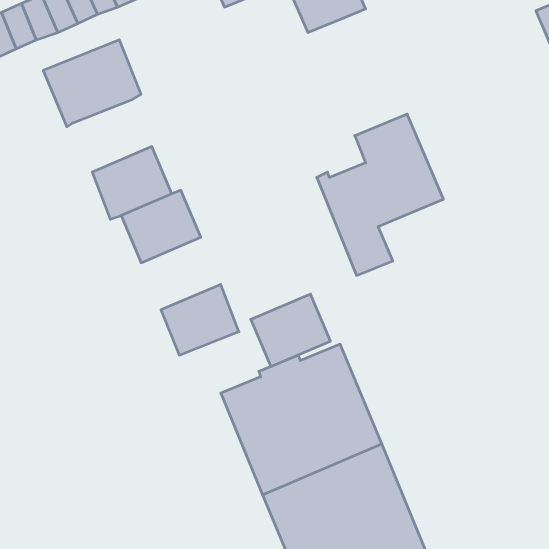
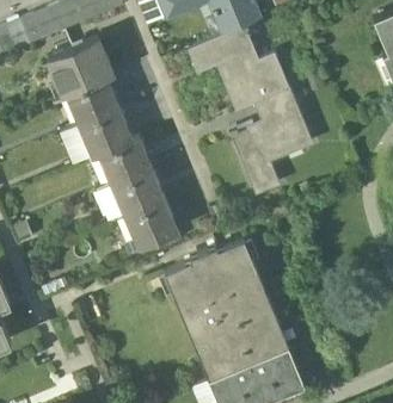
building: none -> [188,24,288,109]
building: none -> [67,78,119,125]
building: [251,294,330,367] -> [112,168,165,216]

